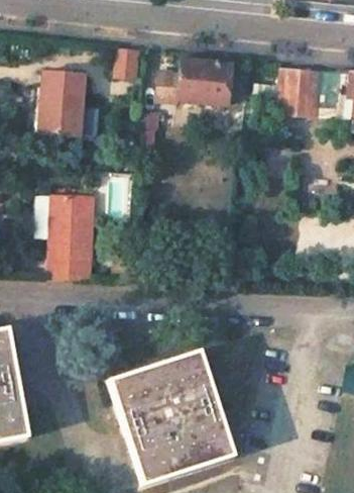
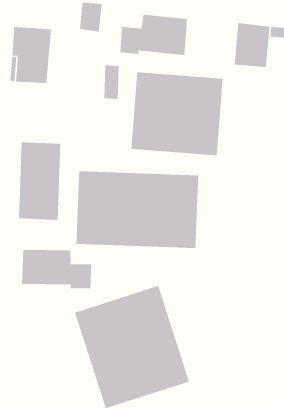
building: none -> [131,72,223,156]
building: none -> [76,170,199,249]
building: none -> [22,249,92,289]

